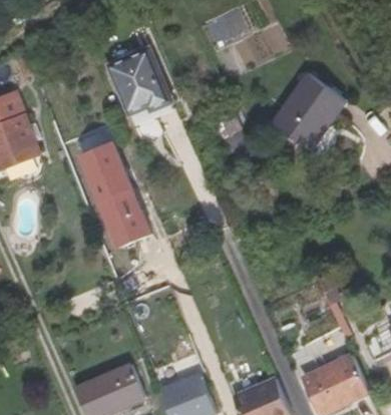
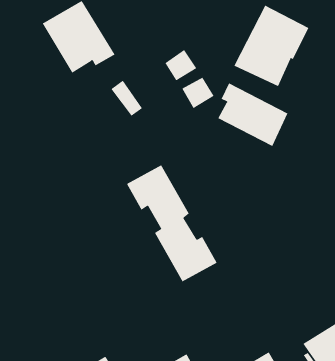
building: none -> [217,82,288,147]
building: [78,142,149,248] -> [126,164,217,282]

